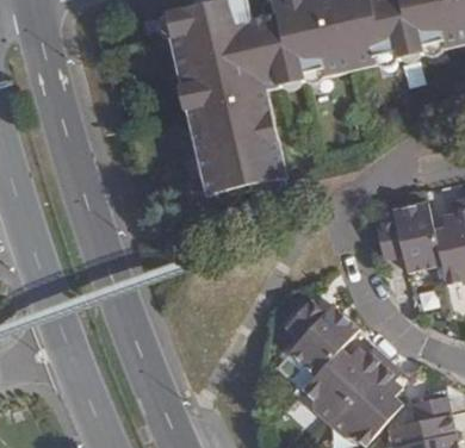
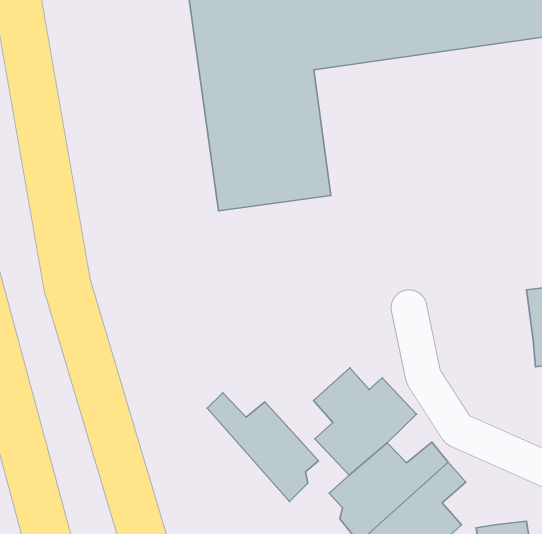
building: [374,201,441,273] -> none
building: none -> [207,393,318,501]

